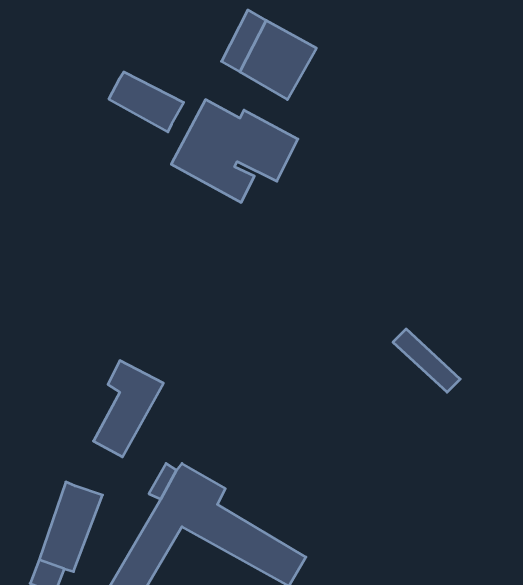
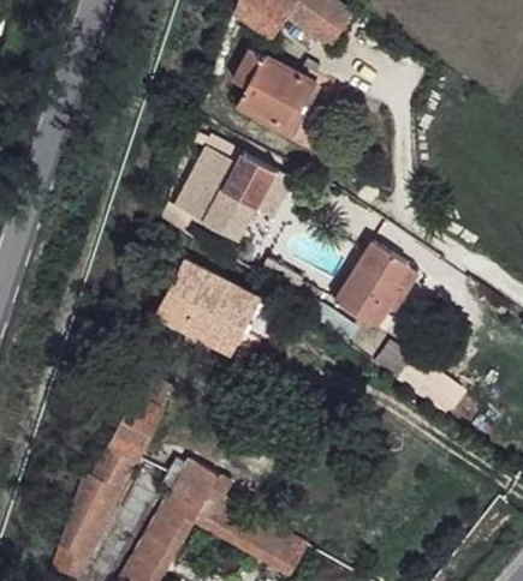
building: [109,72,184,132] -> none
building: none -> [335,245,403,325]
building: none -> [155,265,273,359]
building: none -> [91,444,135,493]

